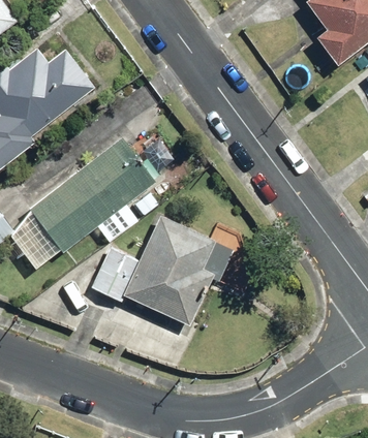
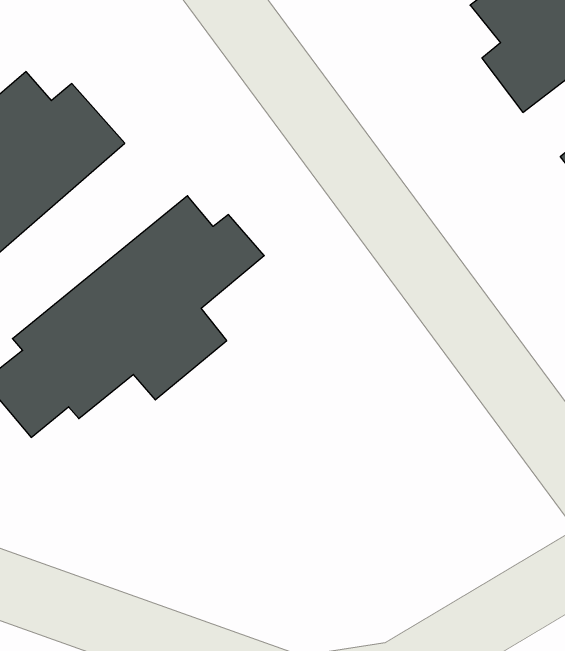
building: [89,214,259,322] -> none

